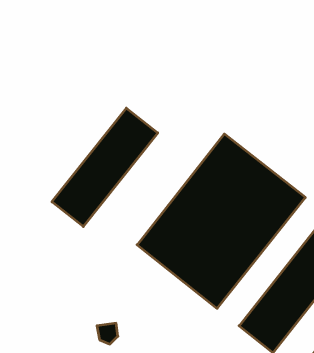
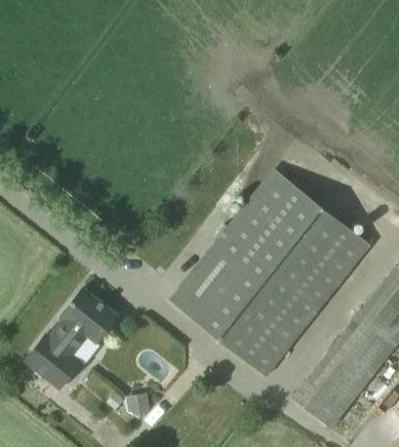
building: [52,108,158,227] -> none
building: none -> [25,289,117,390]

